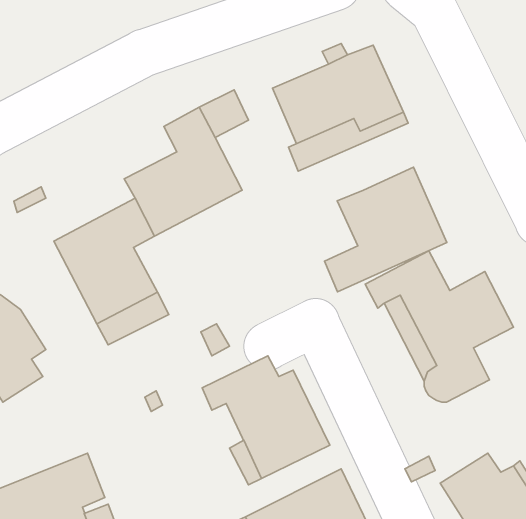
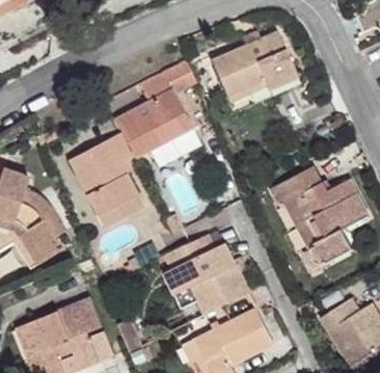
building: [325,167,447,292] -> none

